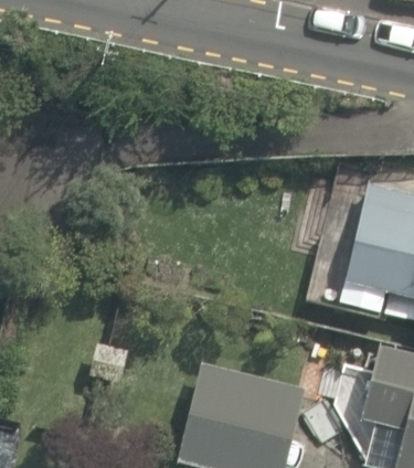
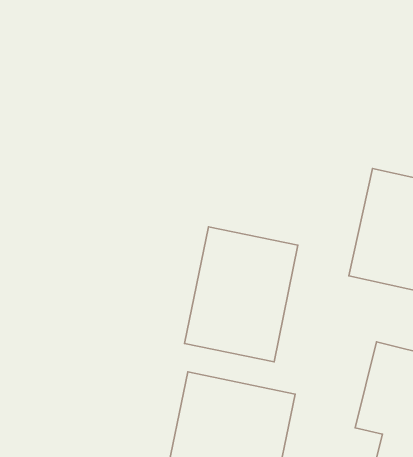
building: none -> [185,227,298,362]

